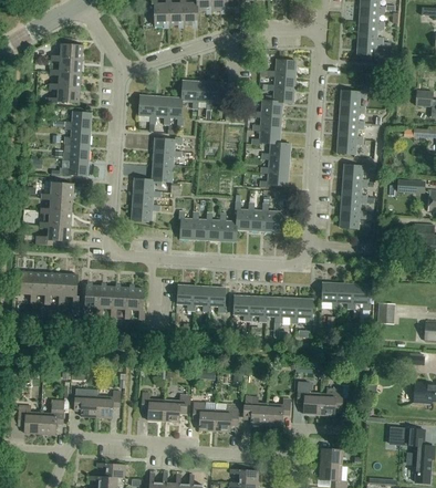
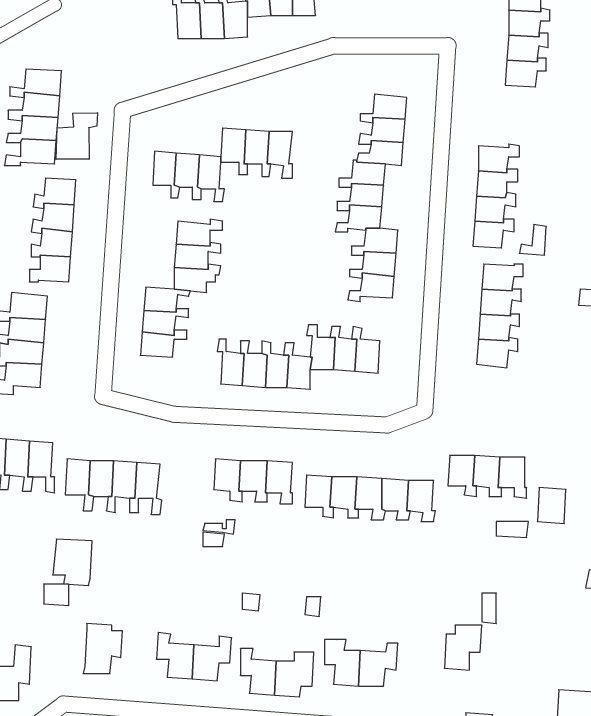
building: none -> [56,113,97,159]
building: [297,385,320,414] -> none
building: [73,388,97,417] -> [53,539,92,586]

